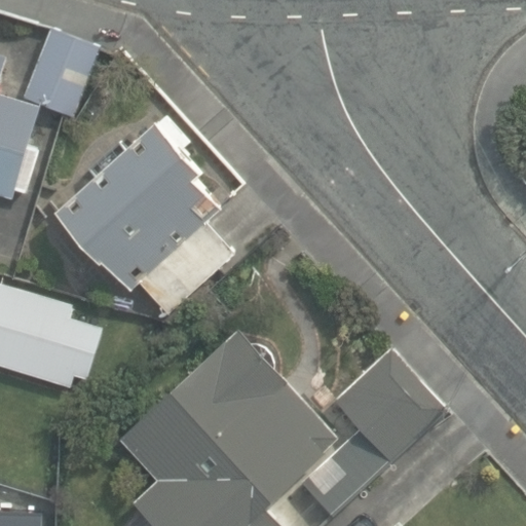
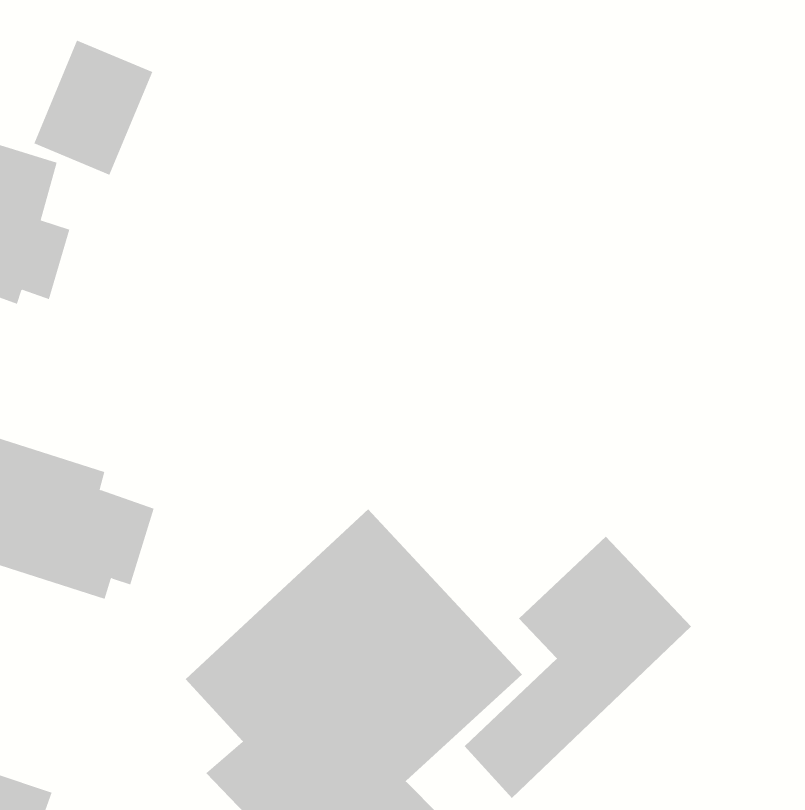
building: [55,121,234,313] -> none

